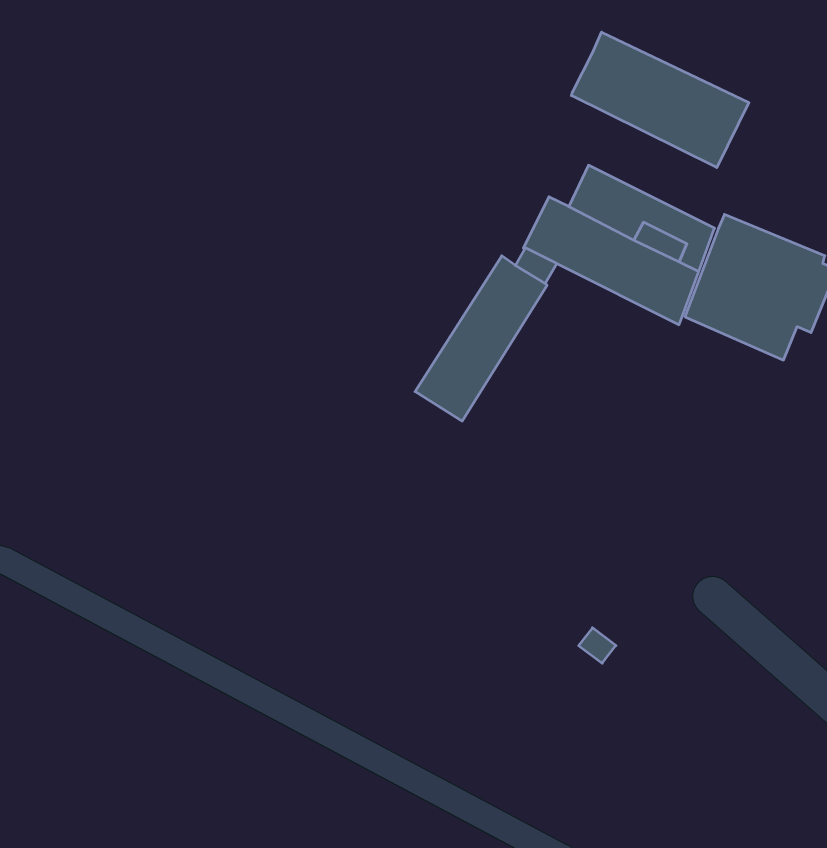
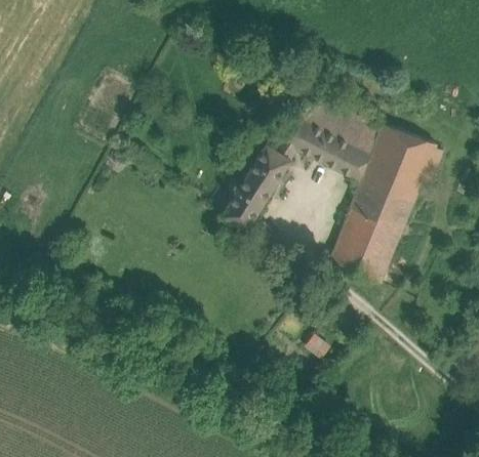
building: [571,32,749,168] -> none
building: none -> [329,176,413,283]

